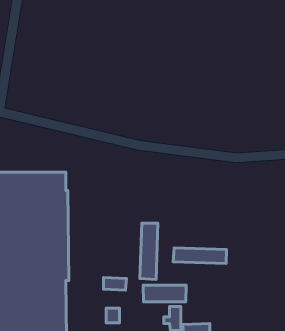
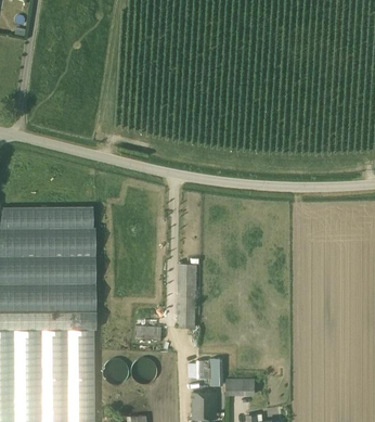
building: [173,248,226,263] -> none
building: [143,285,186,302] -> none

